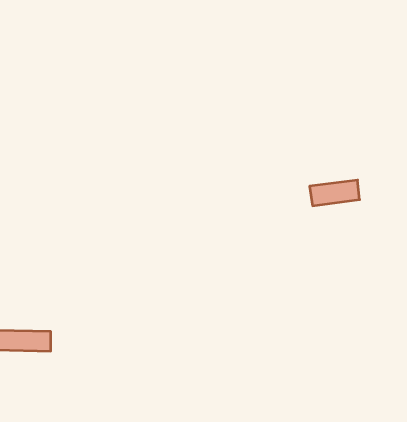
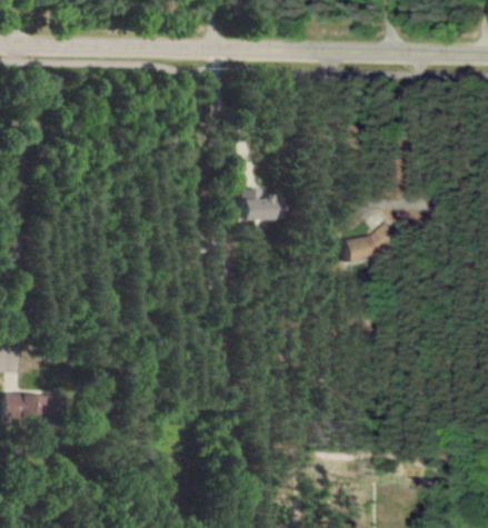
building: none -> [241,189,273,220]

